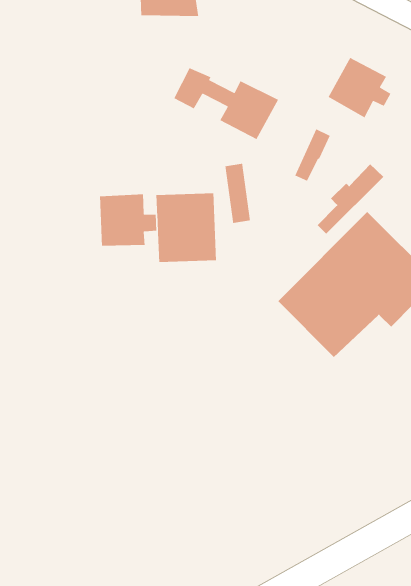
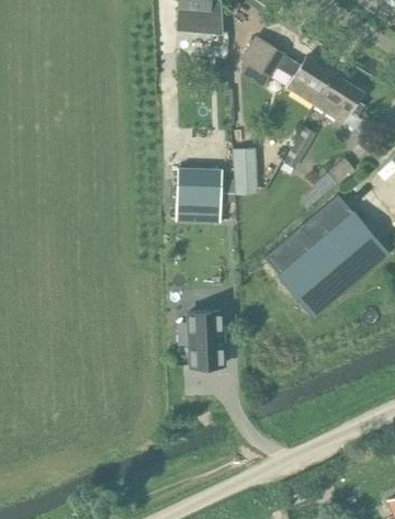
building: [173,67,279,140] -> [255,44,336,104]
building: [99,193,157,247] -> none
building: none -> [189,312,225,368]

